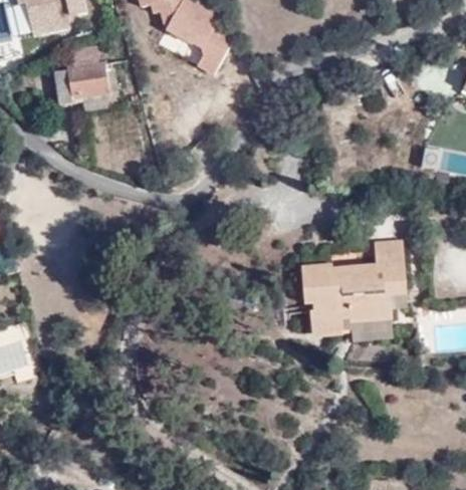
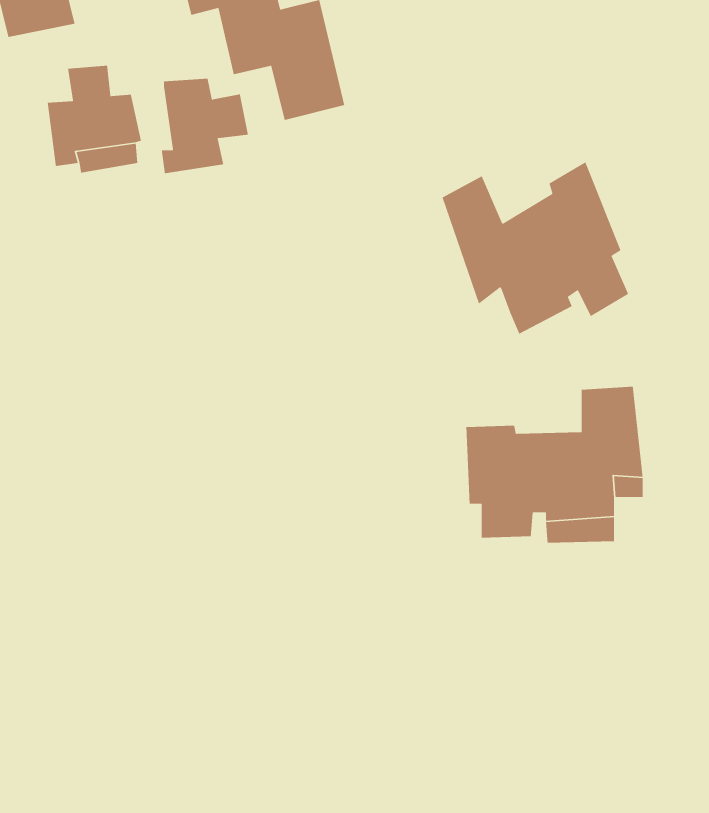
building: none -> [161,78,249,174]
building: none -> [441,161,629,335]

